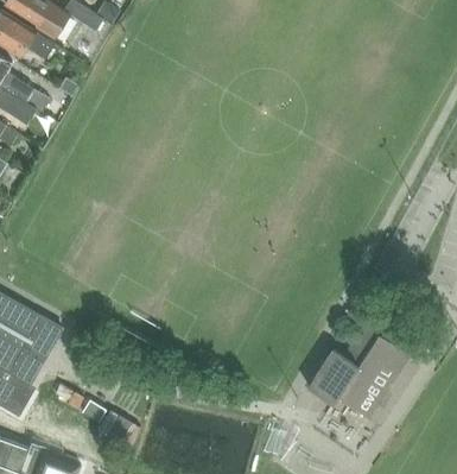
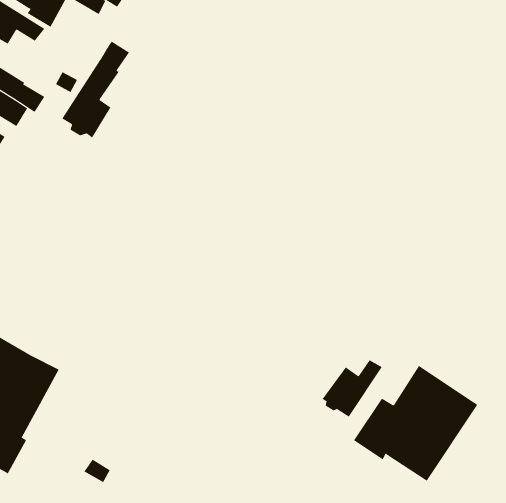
building: none -> [61,41,130,138]
building: none -> [322,360,382,417]

